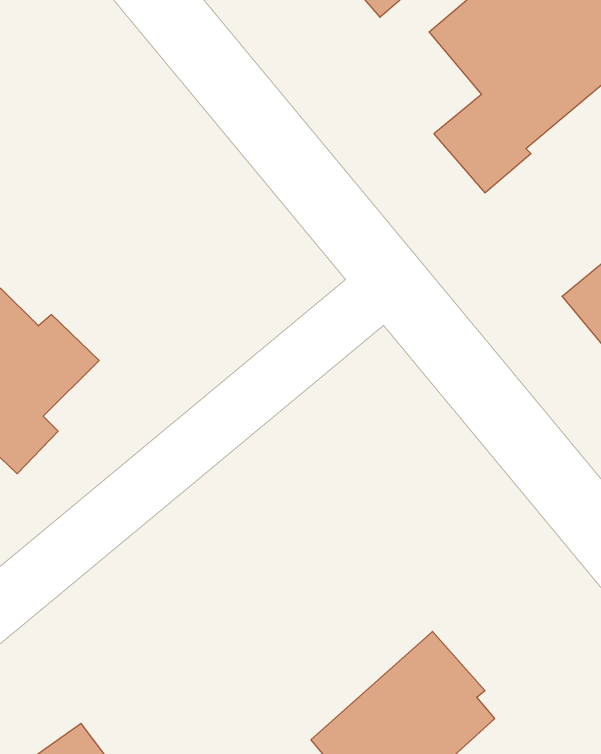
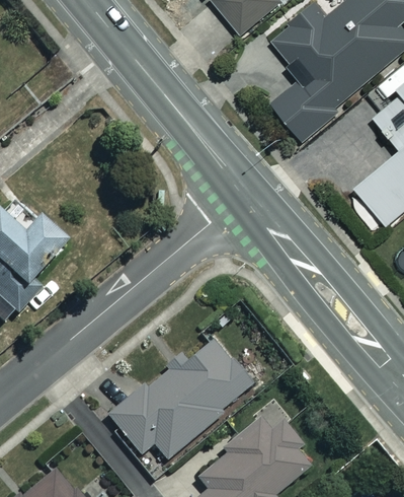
building: none -> [111,338,248,458]

